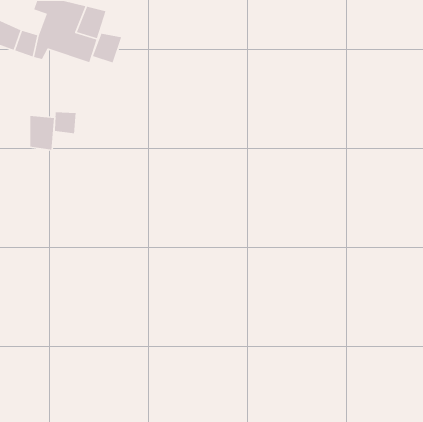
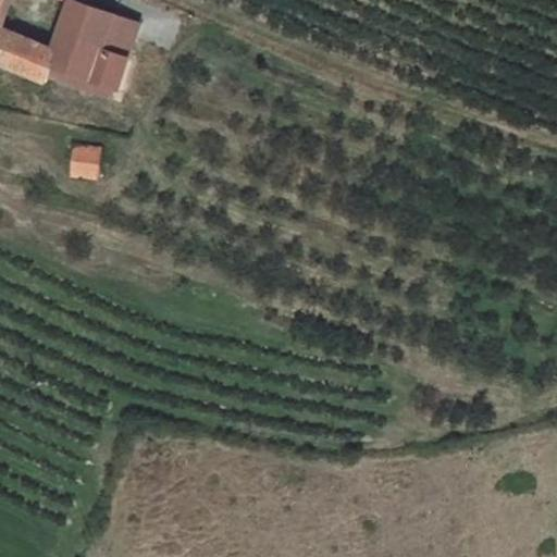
building: [92,33,122,63] -> none
building: [29,115,55,150] -> none

